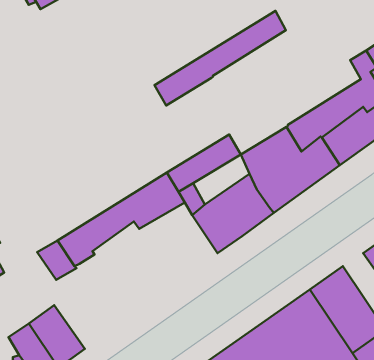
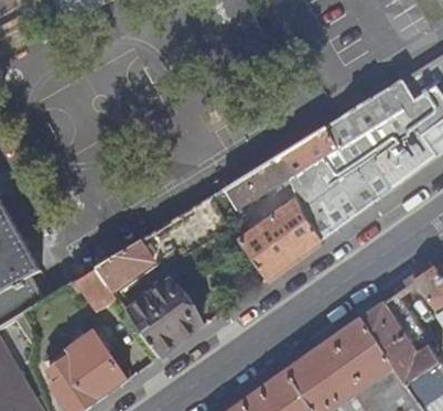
building: [154,11,286,105] -> [278,78,414,176]
building: none -> [129,280,203,355]

